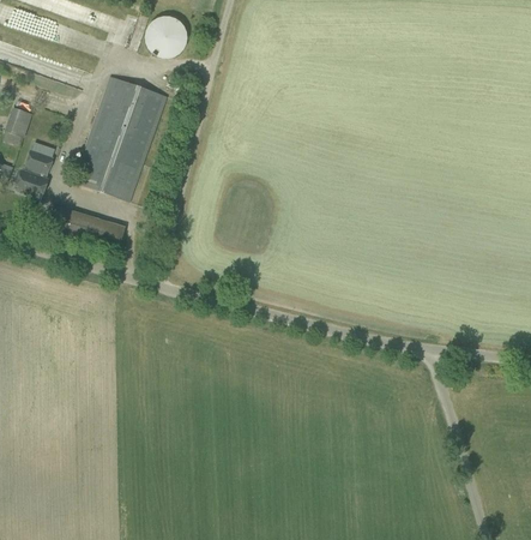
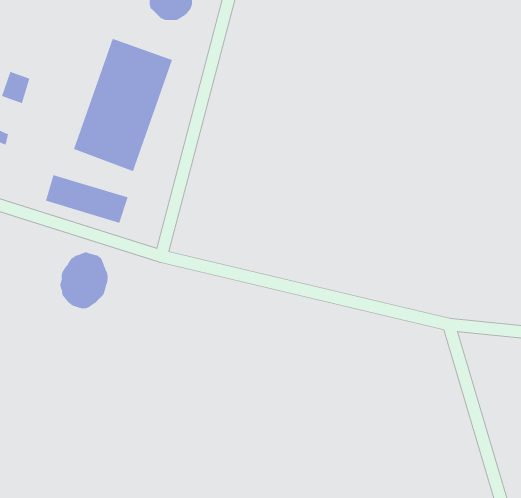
building: [16,146,55,194] -> none
building: none -> [60,252,108,309]

